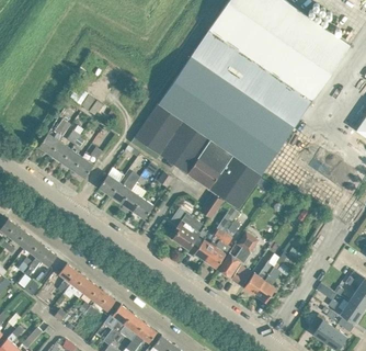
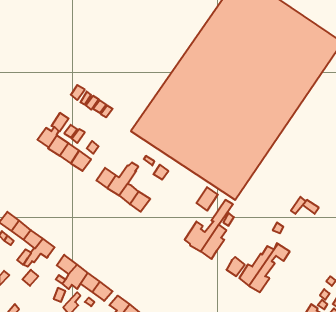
building: [171,213,205,248] -> none
building: [218,231,259,276] -> none

